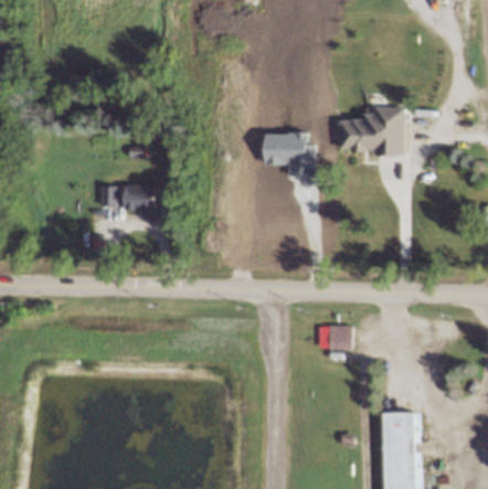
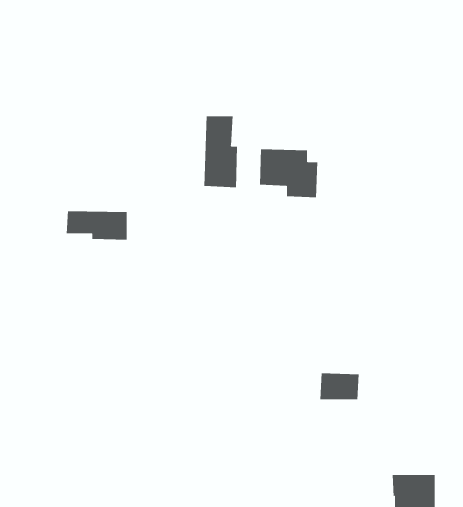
building: none -> [204,116,237,188]
building: [342,107,407,155] -> none

